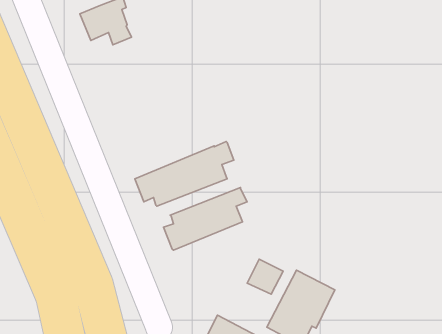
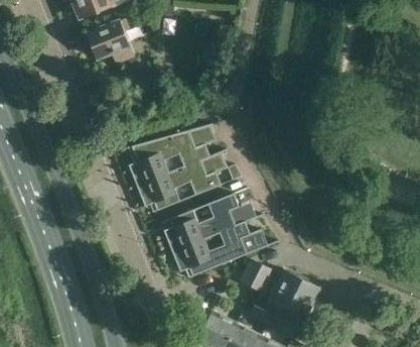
building: none -> [128,124,217,186]
building: none -> [172,221,268,276]

